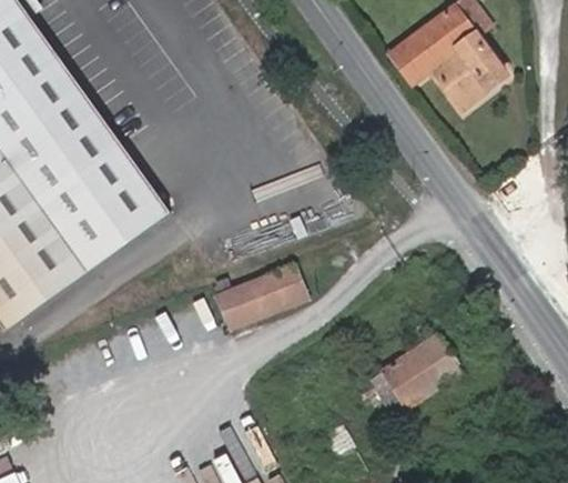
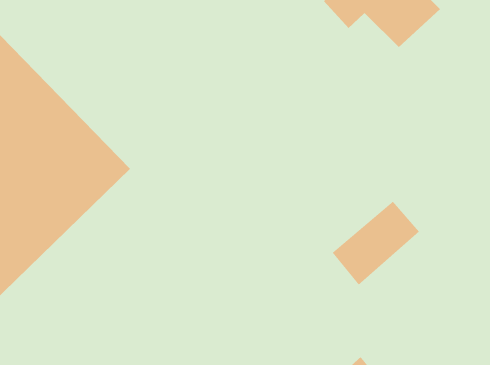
building: [212,266,306,333] -> none
building: [367,338,462,421] -> [332,201,420,285]

